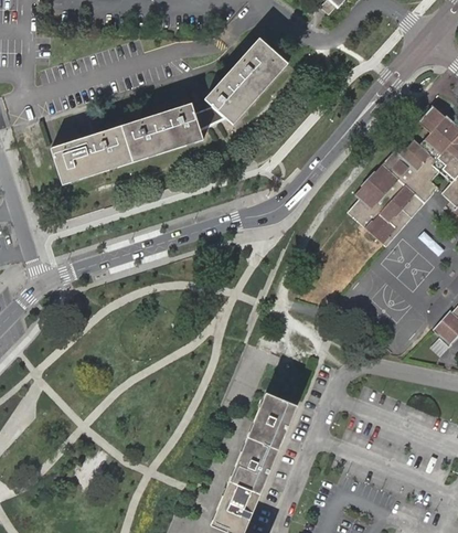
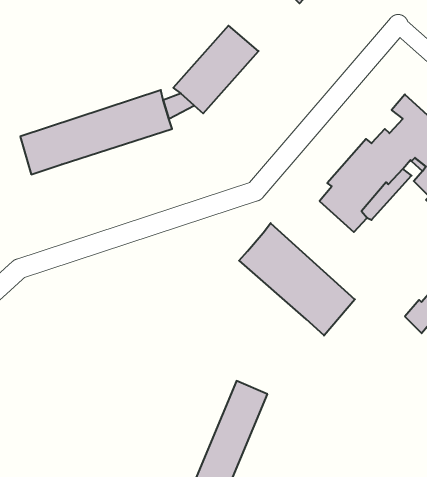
building: none -> [239,223,355,336]

